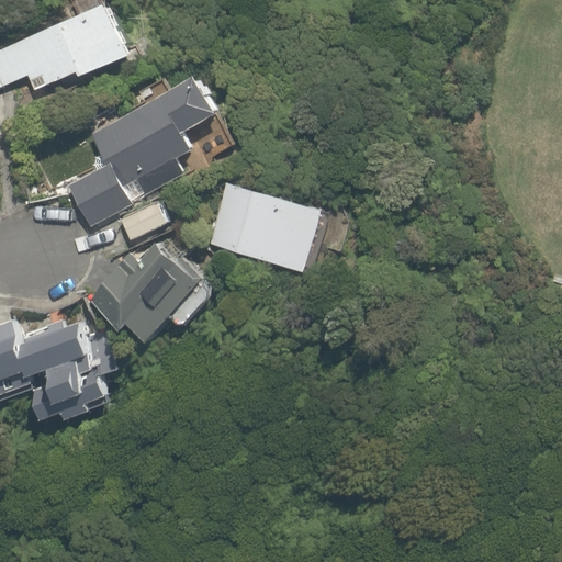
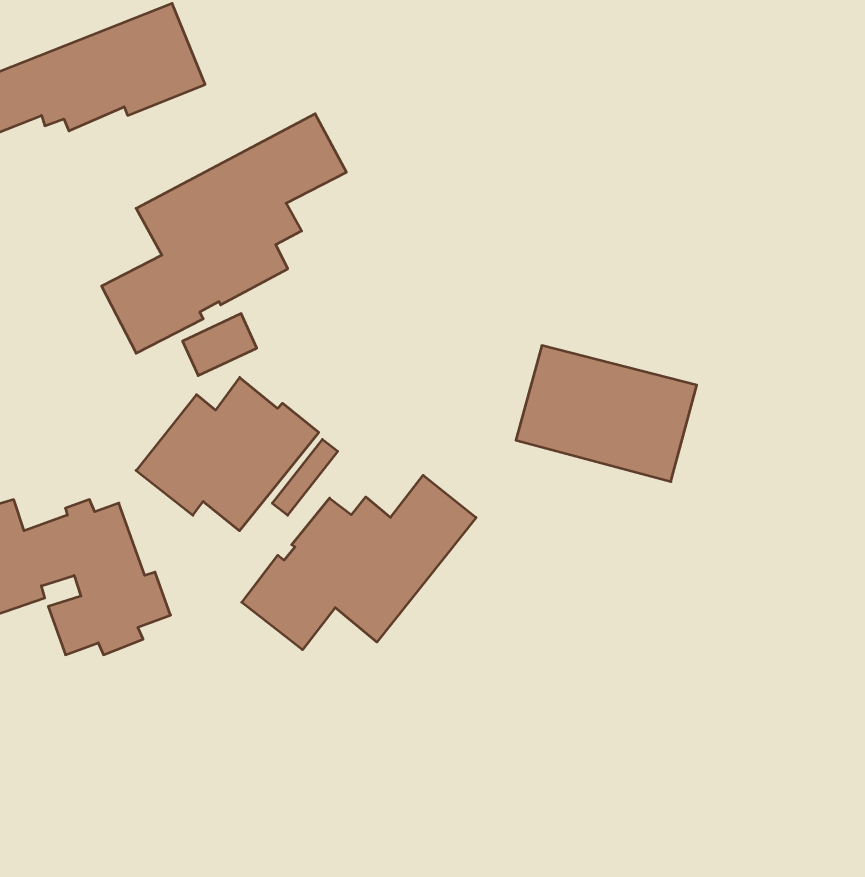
building: [205,184,321,271] -> [516,346,697,482]
building: none -> [242,475,476,650]

